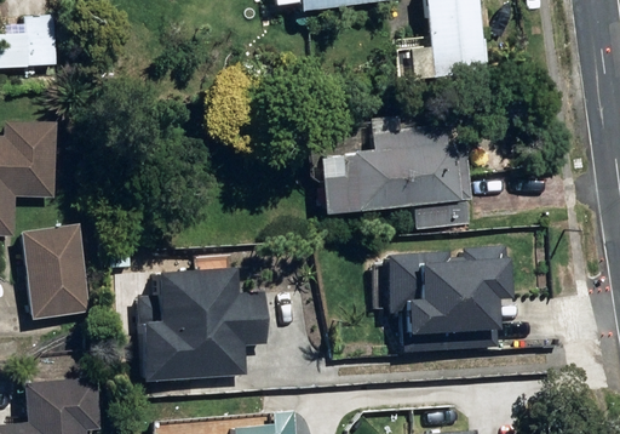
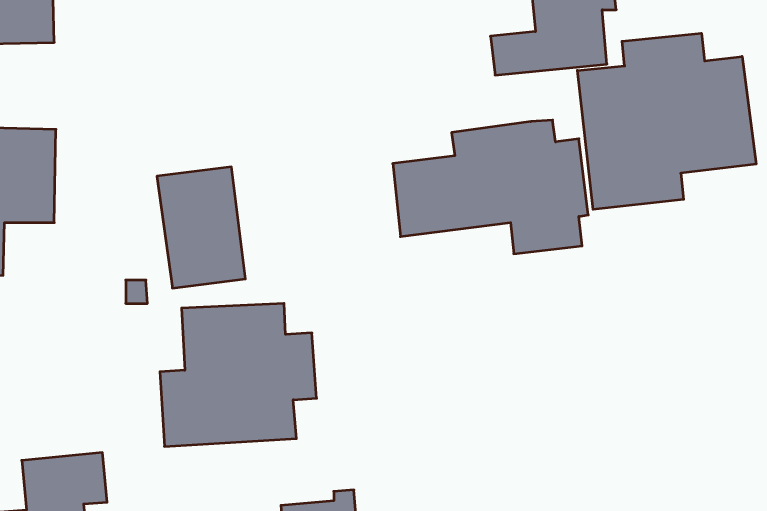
building: none -> [577,33,756,209]
building: [22,232,91,326] -> [157,167,245,288]
building: [385,250,504,347] -> none

